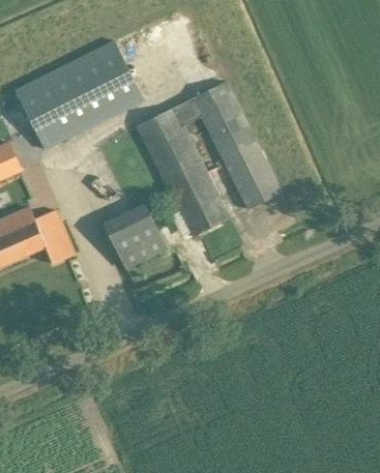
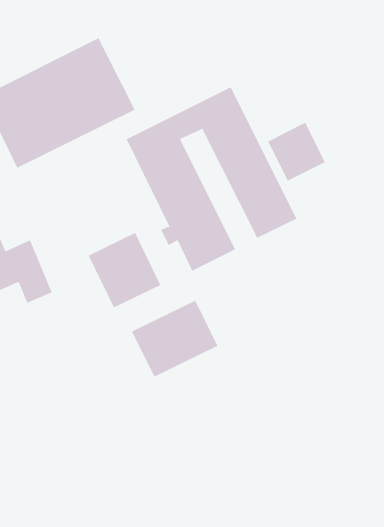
building: none -> [267,122,326,181]
building: none -> [131,300,218,378]

